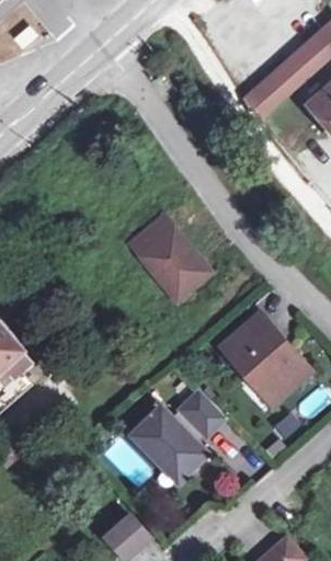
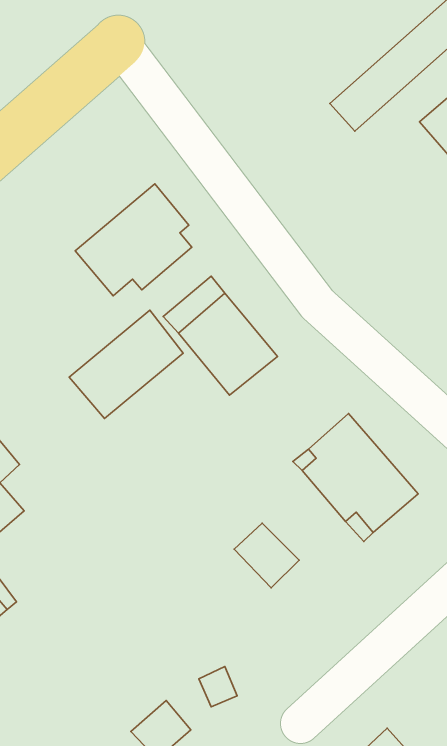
building: none -> [75,184,192,296]
building: none -> [69,310,183,418]
building: [132,409,206,484] -> none

